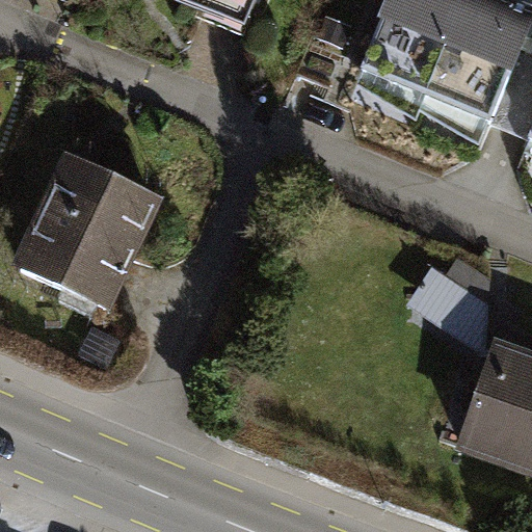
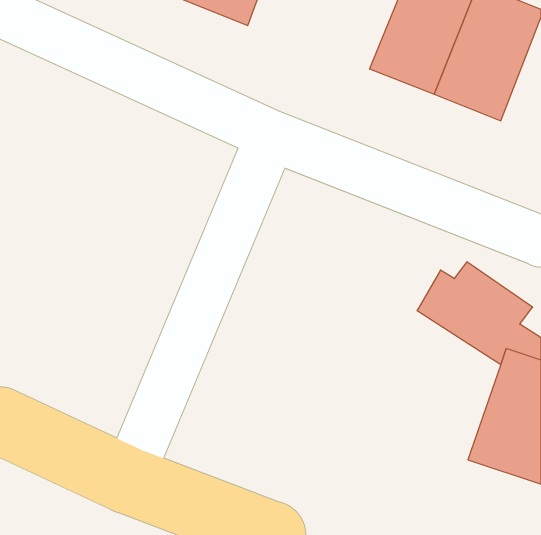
building: [10,152,162,313] -> none

